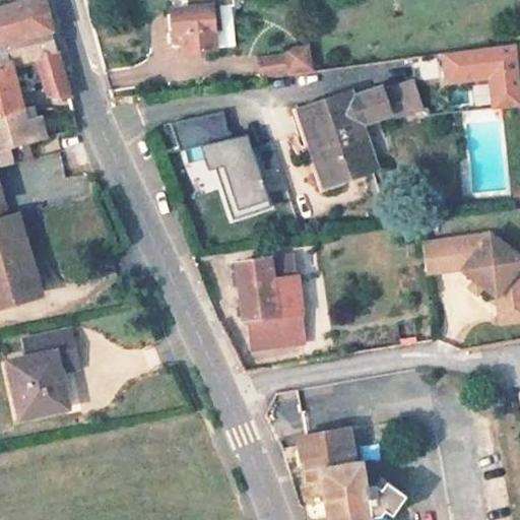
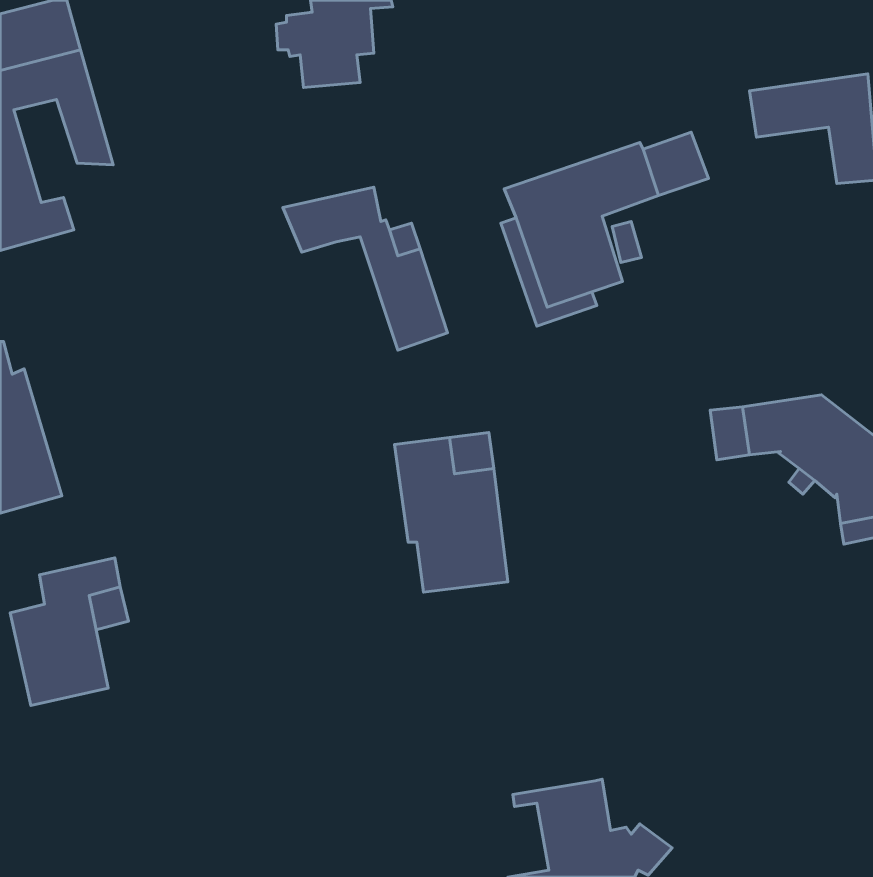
building: [257,48,309,74] -> none
building: [201,140,270,217] -> none
building: [297,429,354,470] -> none

